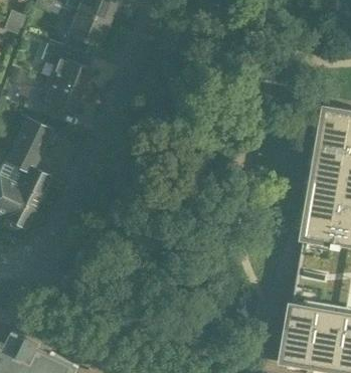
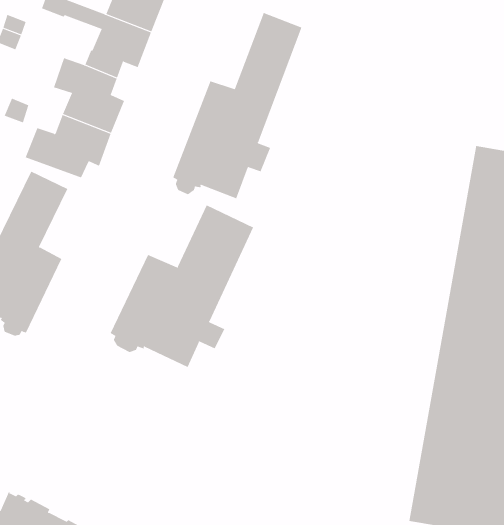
building: none -> [173,12,302,199]
building: none -> [110,205,254,368]

